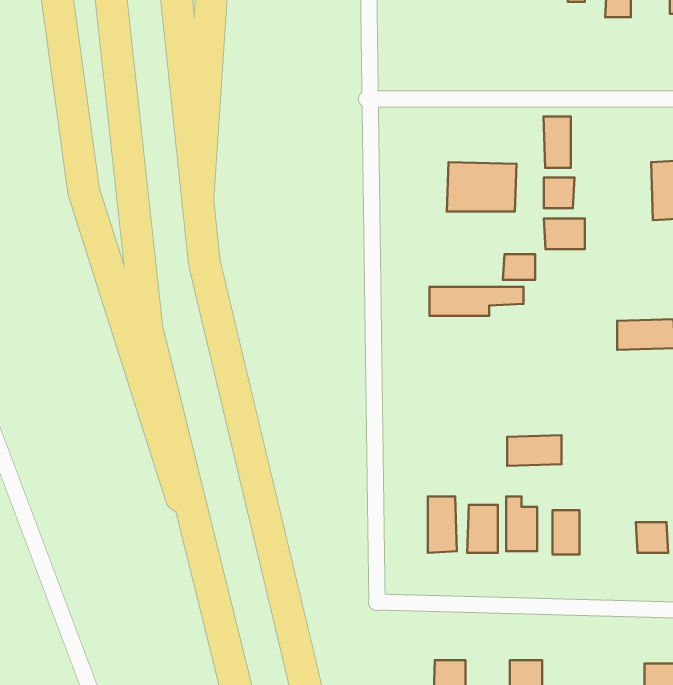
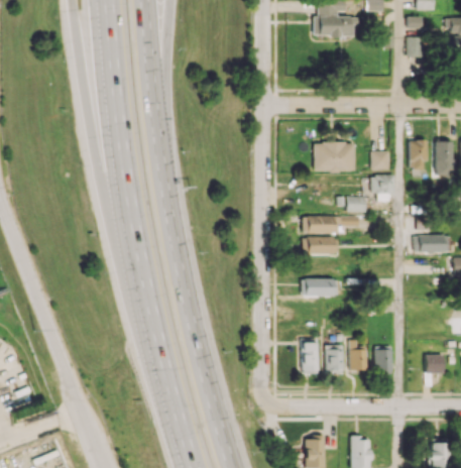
building: [543,117,571,168] -> [409,140,425,170]
building: none -> [305,236,338,254]
building: [507,435,562,466] -> [304,278,336,297]

